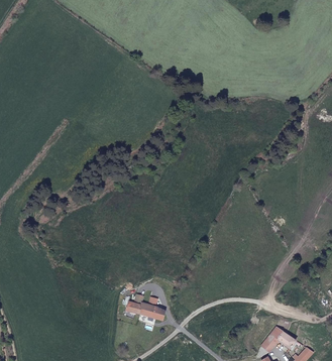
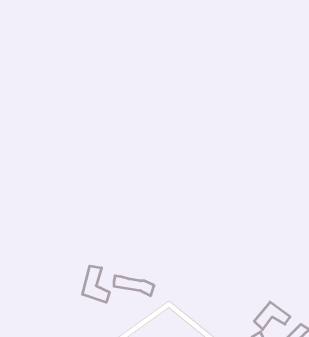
building: none -> [82,266,109,302]

